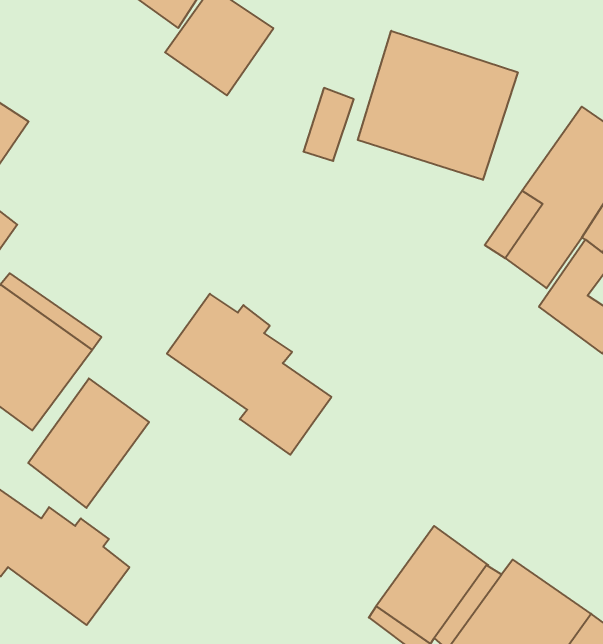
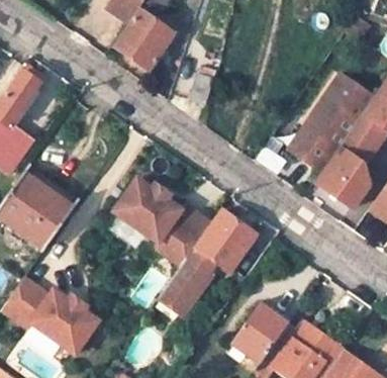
building: [358,31,518,180] -> none
building: none -> [159,211,256,312]
building: [28,378,149,508] -> none

